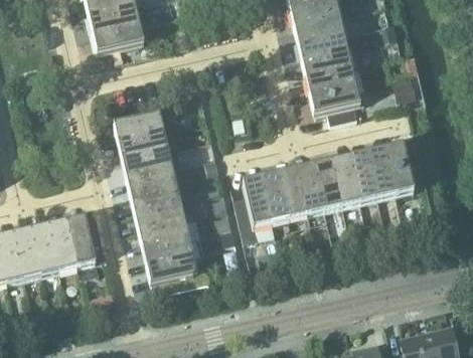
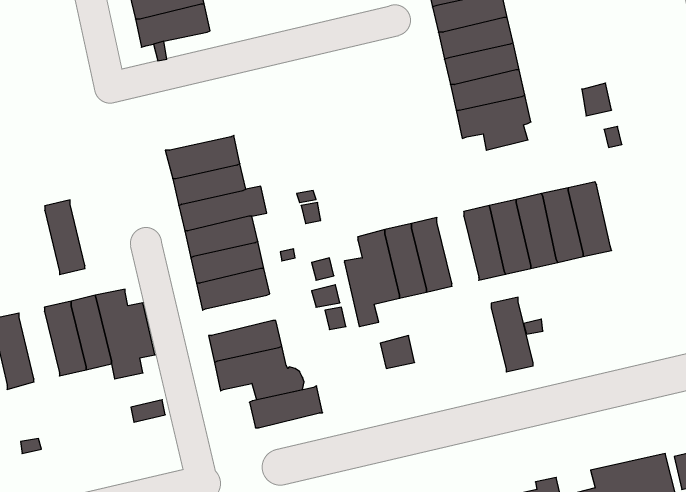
building: [297,165,325,215] -> [491,297,533,372]
building: [139,220,188,248] -> [249,386,323,428]
building: [15,229,42,280] -> [45,200,85,275]

